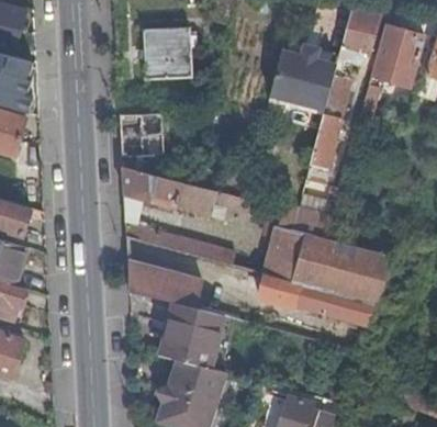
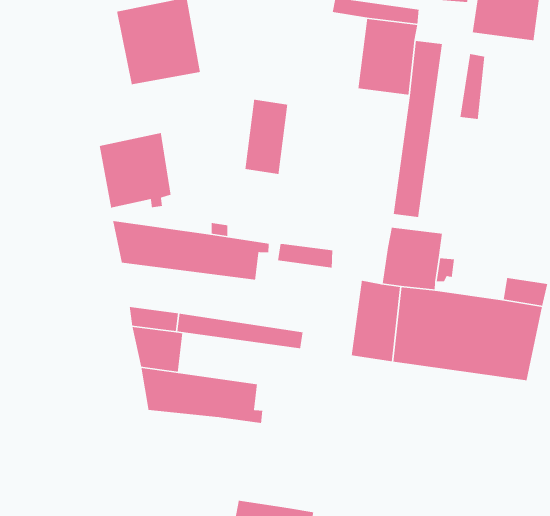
building: [270,49,304,101] -> [244,99,288,175]
building: [258,273,377,352] -> none
building: [160,302,223,366] -> none

